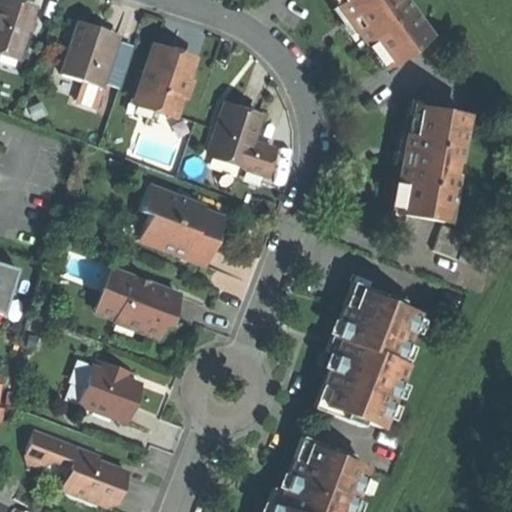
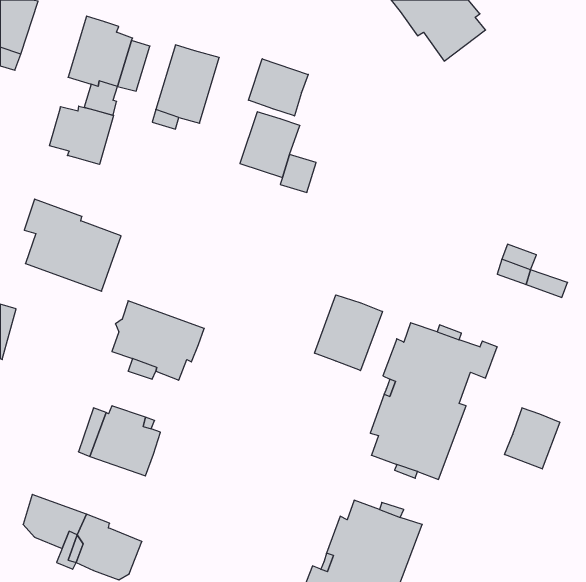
building: none -> [248,59,308,116]
building: none -> [49,106,114,164]
building: [400,100,464,215] -> none
building: [139,182,223,262] -> [24,199,121,291]
building: none -> [315,295,382,371]
building: none -> [505,408,560,469]

